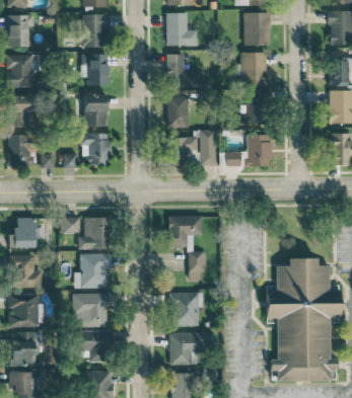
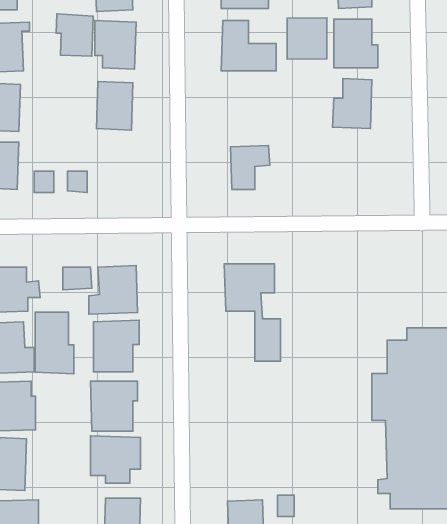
building: none -> [56,14,93,56]
building: none -> [287,18,327,59]
building: [167,96,189,128] -> none
building: [200,130,216,165] -> none
building: [81,133,110,164] -> none
building: [226,135,271,167] -> none
building: none -> [35,312,74,374]
building: [173,292,204,326] -> none
building: [169,332,207,365] -> none

